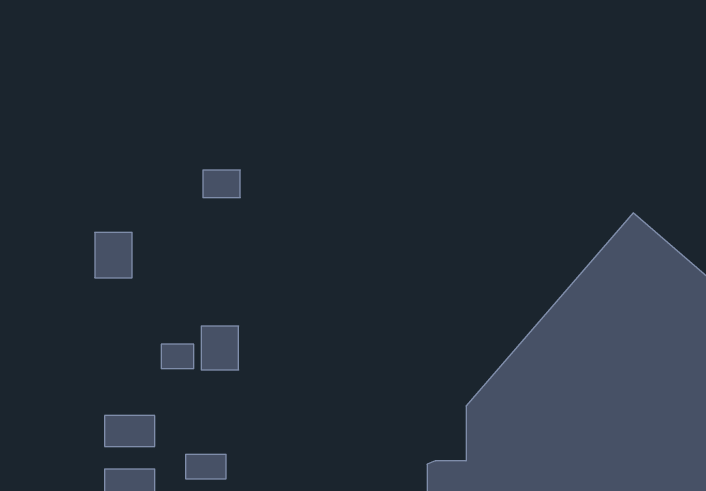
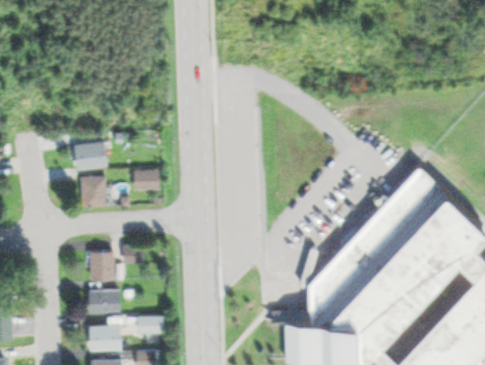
building: [203,170,240,198] -> [135,173,158,190]
building: none -> [75,145,105,170]
building: [201,326,239,370] -> [90,253,113,280]

